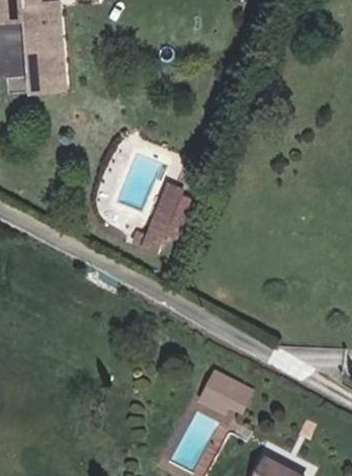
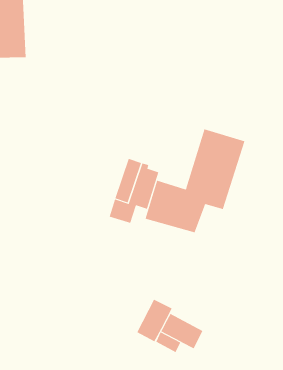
building: none -> [145,128,245,233]
building: none -> [137,299,173,342]

